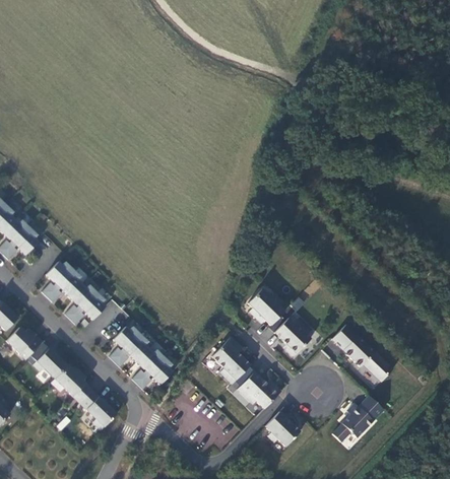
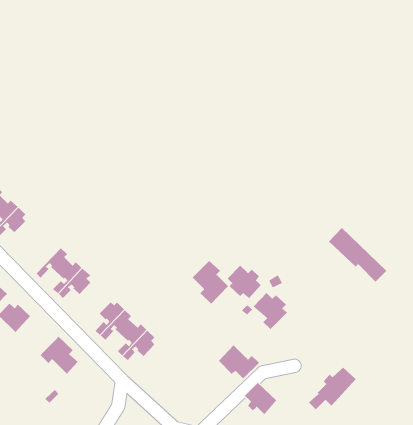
building: [42,262,73,297] -> none
building: [331,323,393,381] -> [328,227,387,282]
building: [211,337,250,384] -> [192,260,229,305]
building: [29,342,67,379] -> none
building: [79,390,117,430] -> none

